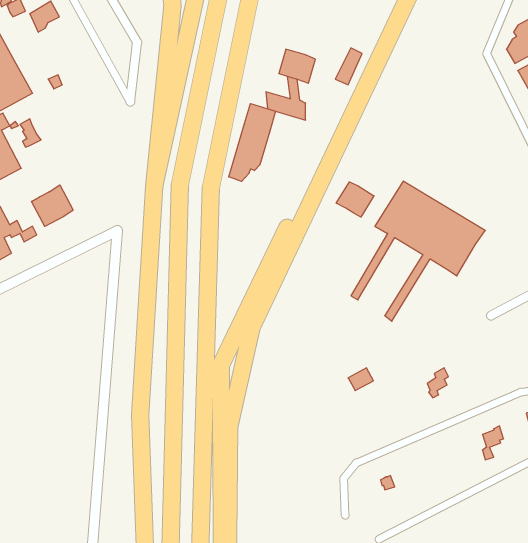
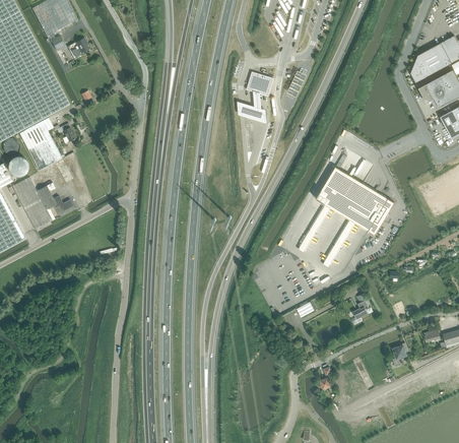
building: [229,104,276,181] -> none
building: [336,182,374,217] -> none
building: [31,185,73,226] -> none

